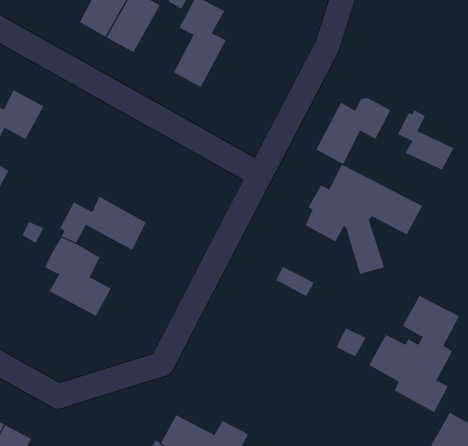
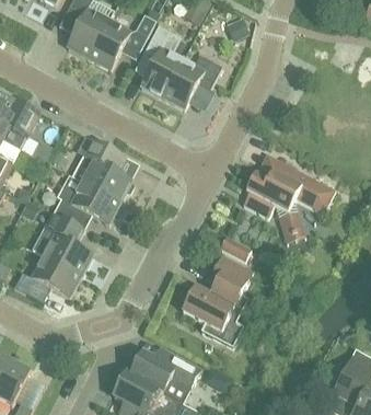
building: [316,98,391,165] -> [162,57,221,109]
building: [398,109,454,170] -> none
building: none -> [82,140,131,203]
building: none -> [13,256,80,298]
building: [369,295,460,413] -> [182,256,253,348]

